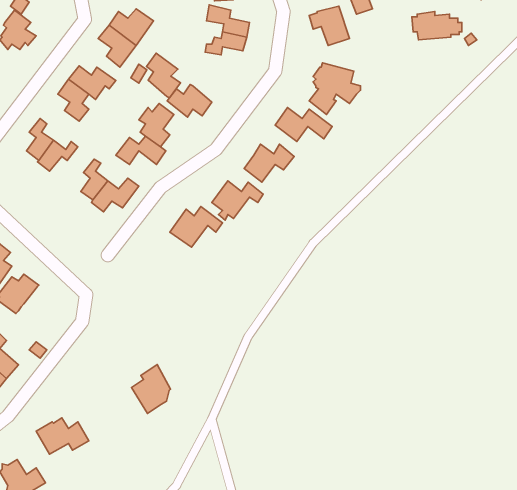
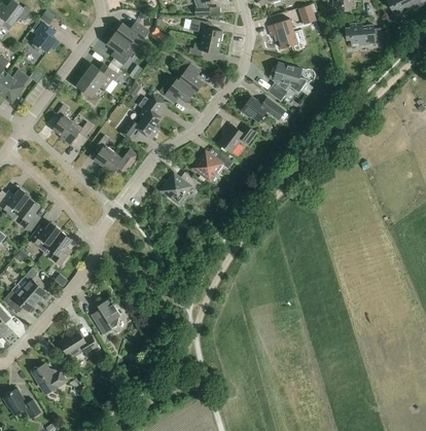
building: [147,53,180,98] -> [177,59,203,93]
building: none -> [47,231,71,264]
building: [131,365,171,413] -> [90,297,119,334]

